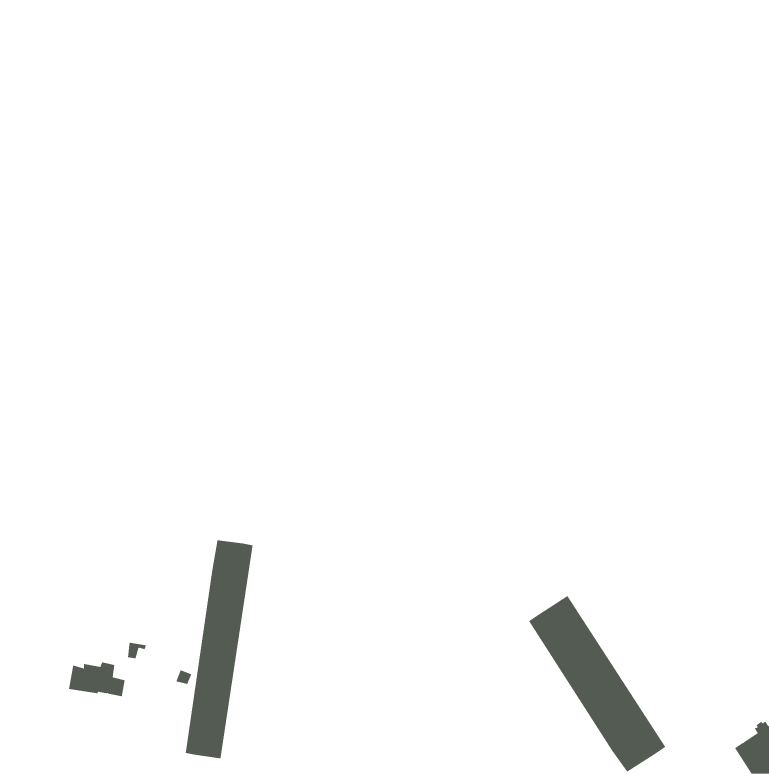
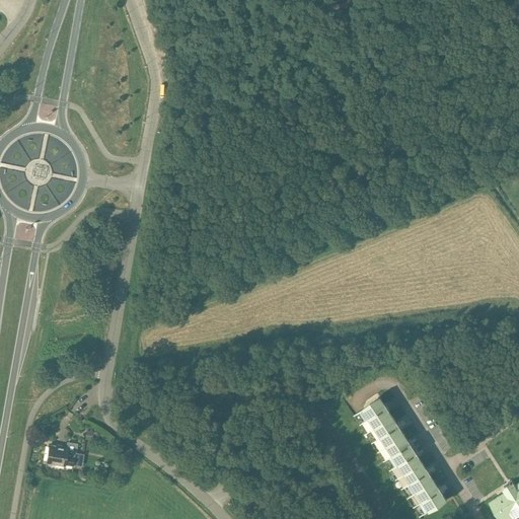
building: [185,539,253,759] -> none

